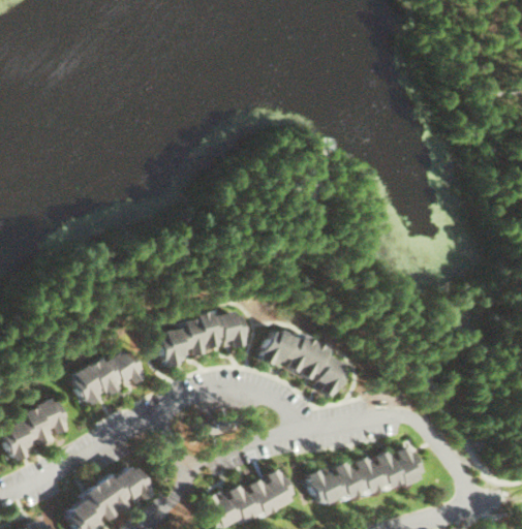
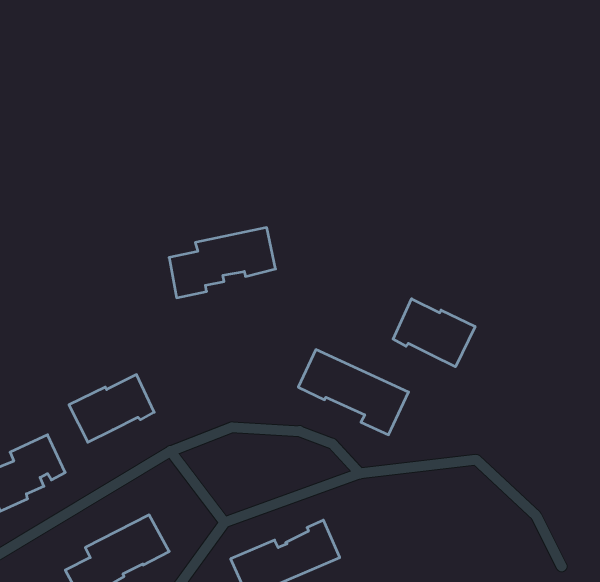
building: none -> [393,299,475,367]
building: [158,309,246,367] -> [169,228,276,298]
building: [311,447,423,502] -> none

